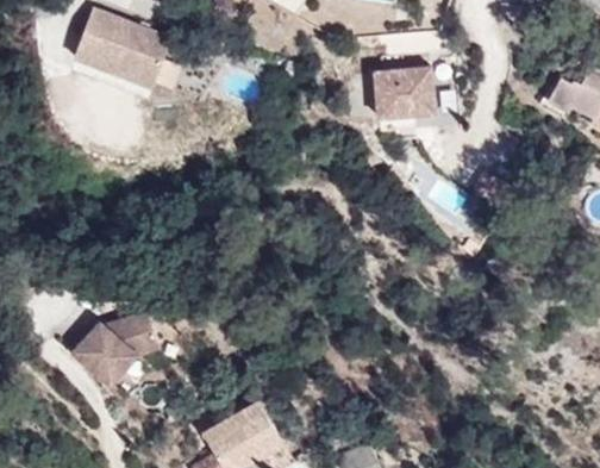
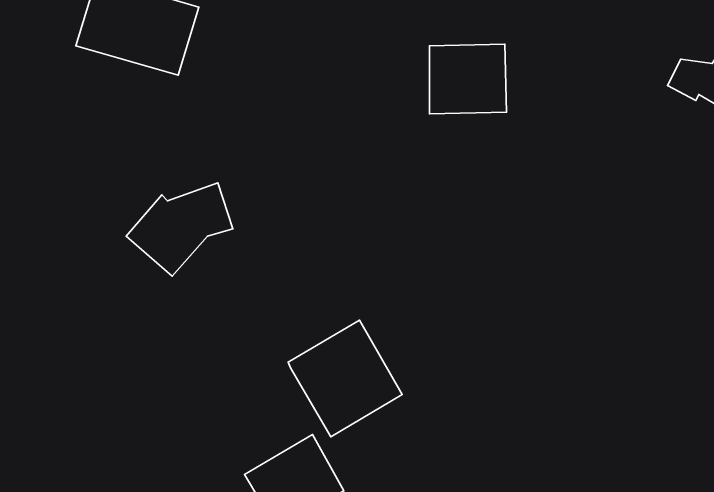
building: none -> [288,320,402,437]
building: [79,301,164,376] -> [126,183,233,276]

